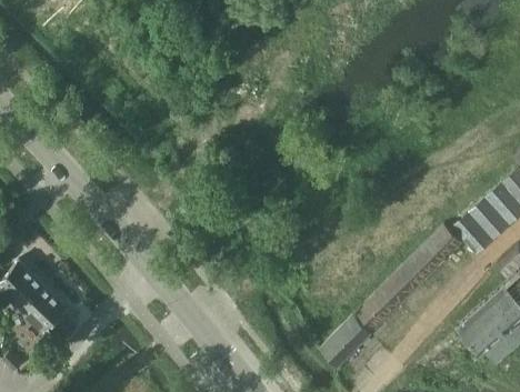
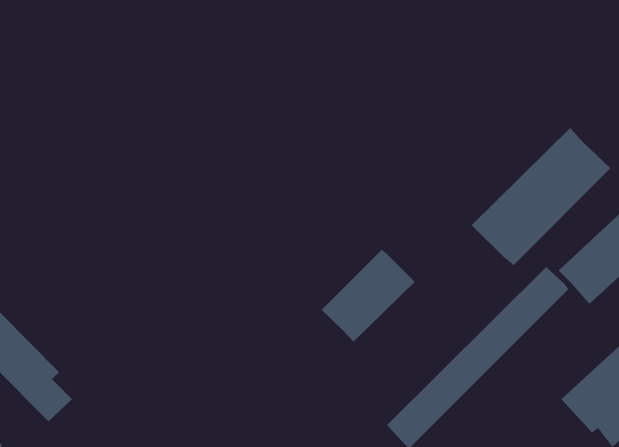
building: none -> [471,127,611,266]
building: none -> [321,249,416,343]

